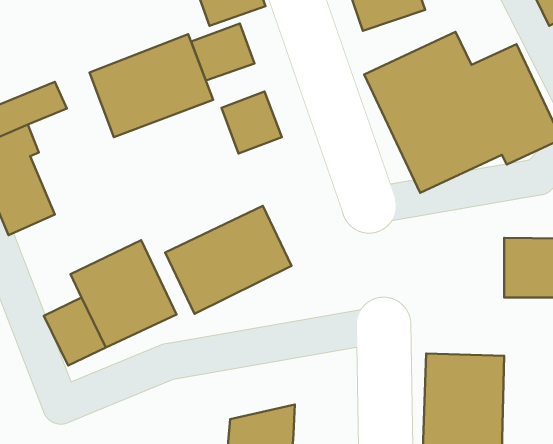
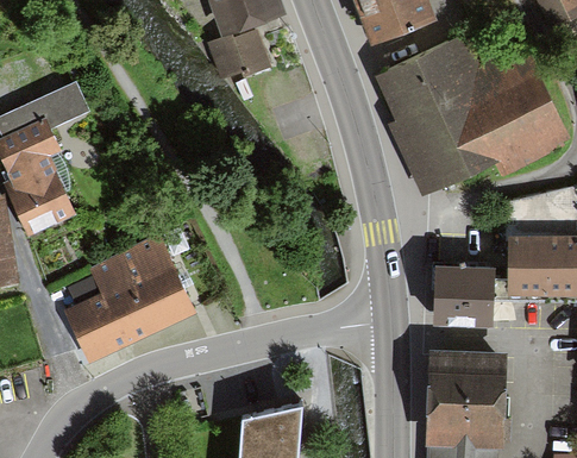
building: [90,34,213,137] -> none
building: [221,91,282,154] -> none
building: [165,206,292,314] -> none
building: none -> [433,269,497,328]

